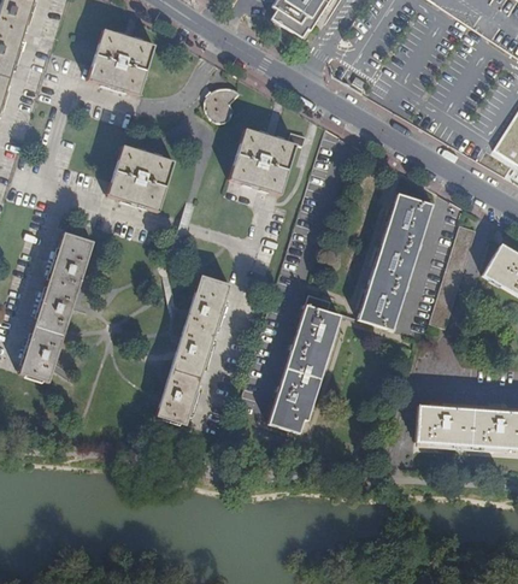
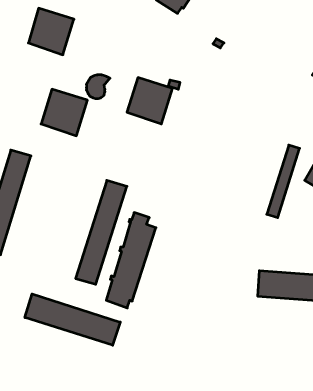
building: [206,89,240,123] -> [86,75,110,99]
building: [359,194,435,331] -> none
building: [270,294,341,430] -> [106,213,156,308]
building: none -> [25,294,120,345]

